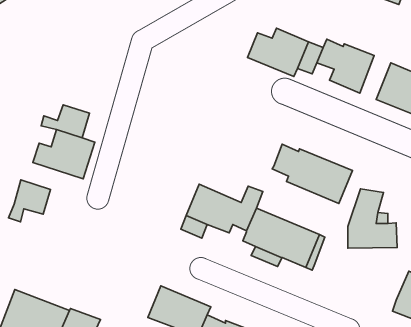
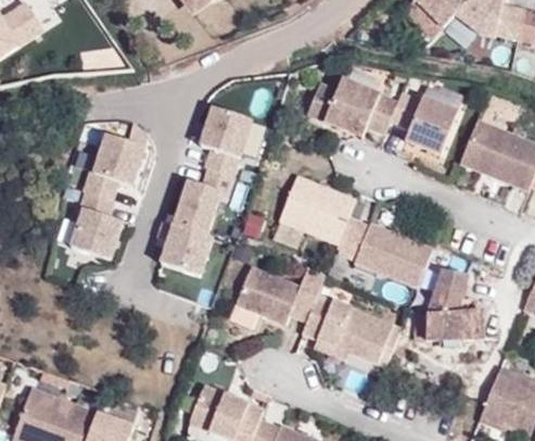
building: none -> [157,102,265,276]
building: none -> [69,121,149,184]
building: none -> [281,176,357,243]
building: [9,180,51,222] -> none

